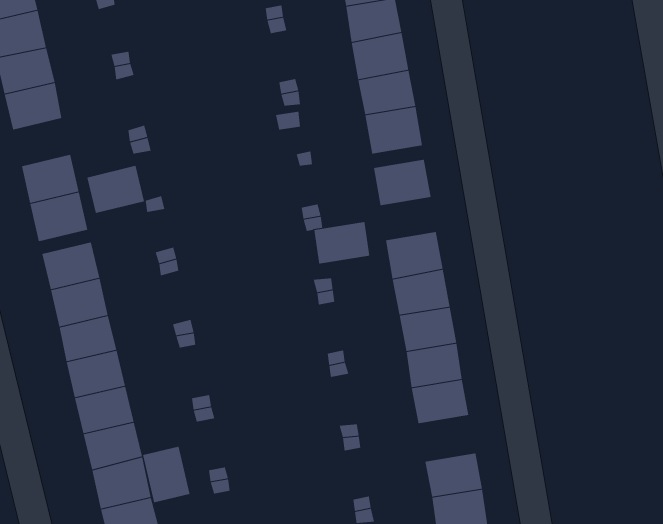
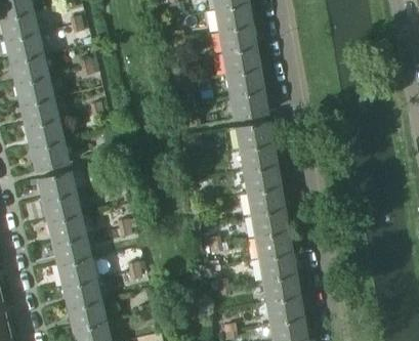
building: [86,165,145,213] -> [23,97,57,126]
building: [313,221,370,264] -> [242,144,276,170]
building: none -> [264,274,299,302]
building: [143,446,190,503] -> none

